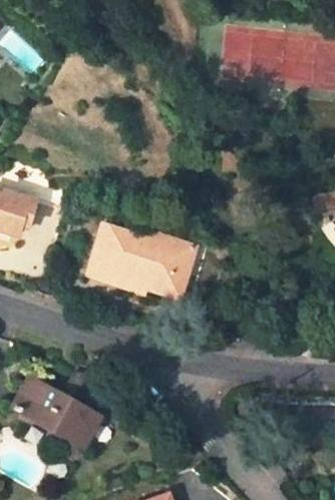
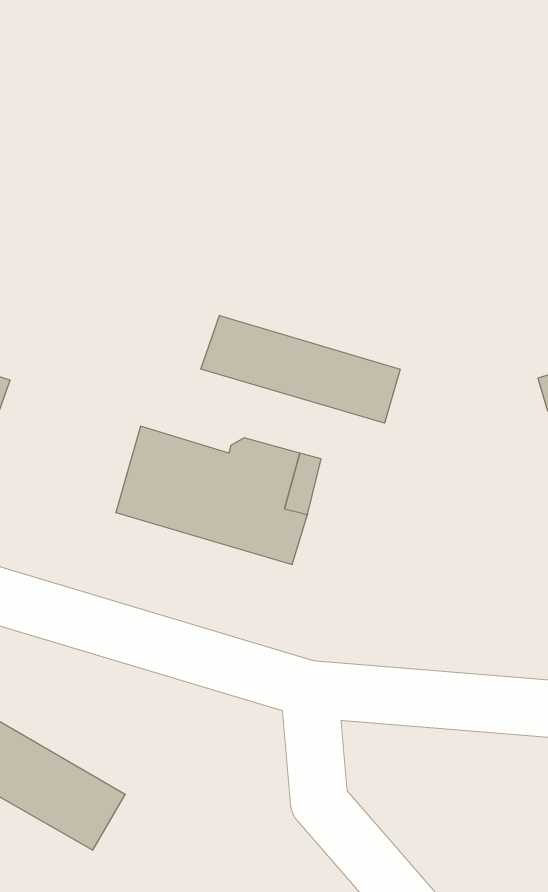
building: none -> [201,315,400,423]

